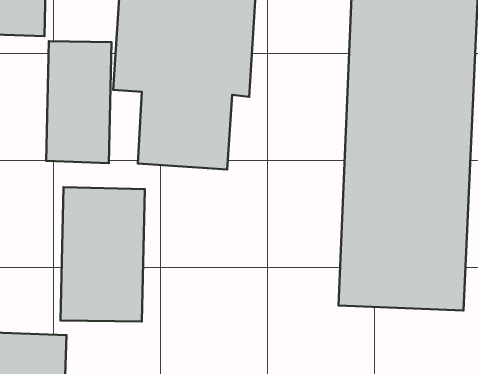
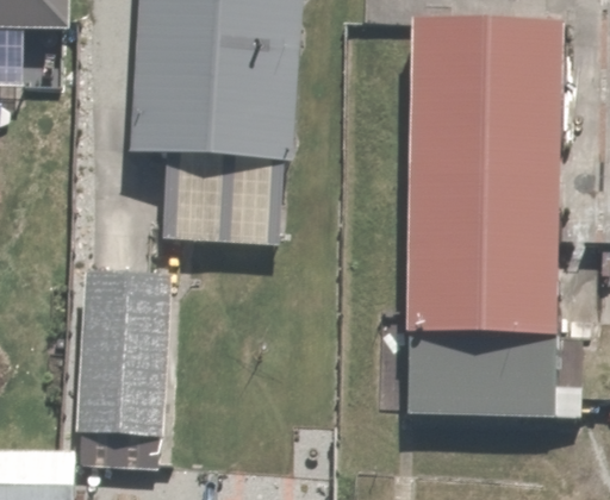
building: [46,41,112,163] -> none

